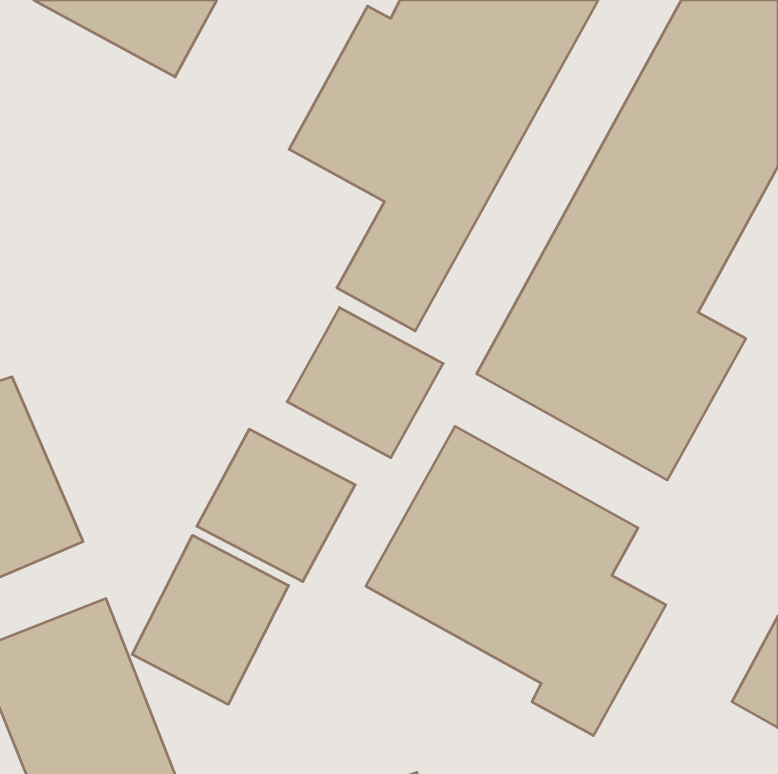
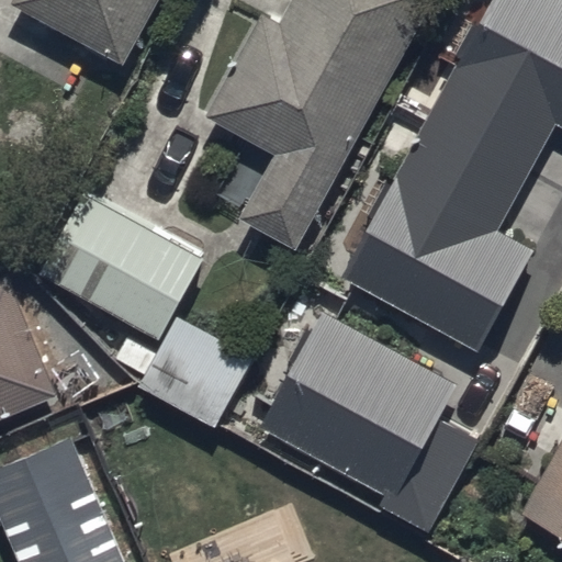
building: none -> [38,192,203,338]
building: [287,307,443,458] -> none
building: [132,535,289,704] -> none

